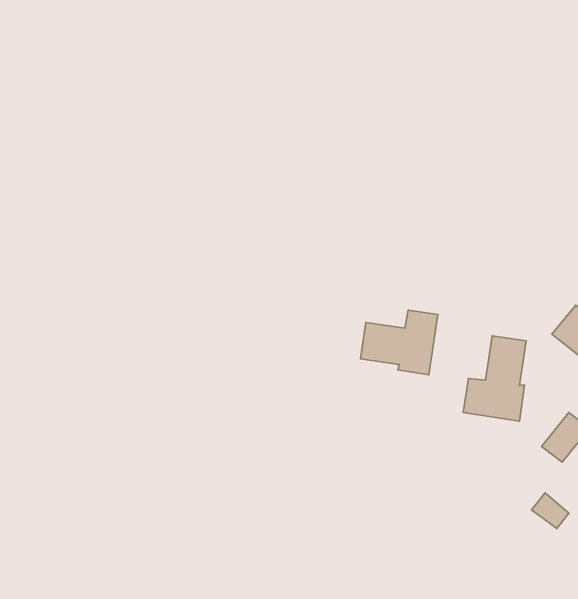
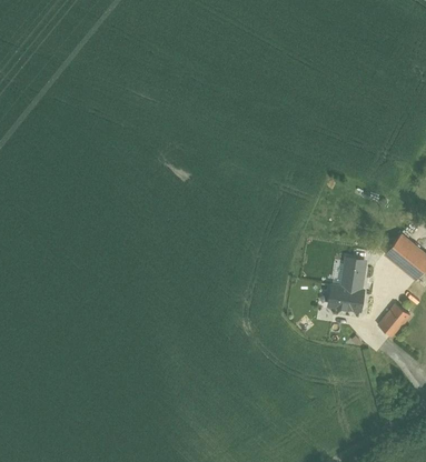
building: [361,310,438,375] -> none

